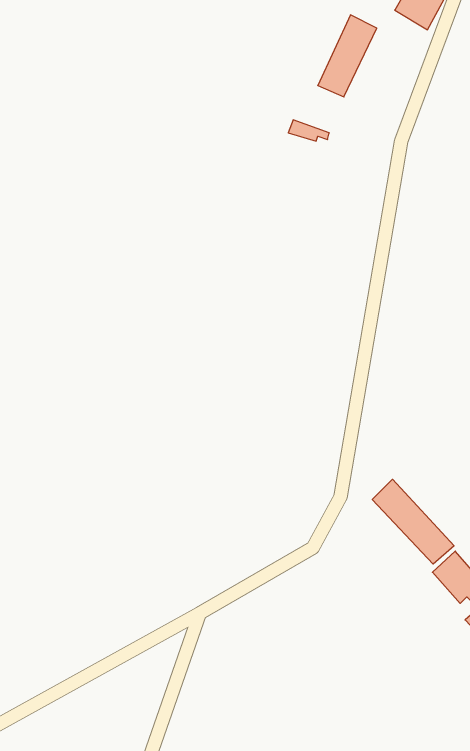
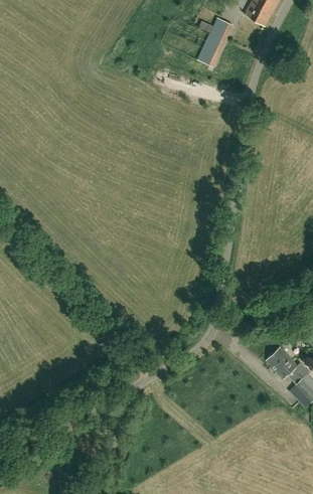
building: [372,479,454,564] -> none

